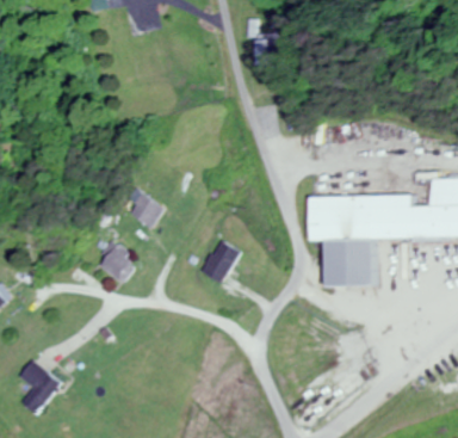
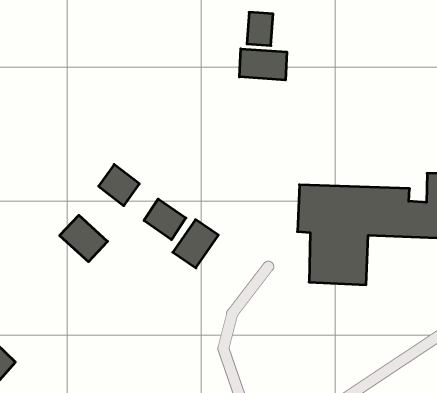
building: none -> [239,49,287,80]
building: none -> [144,199,186,240]

